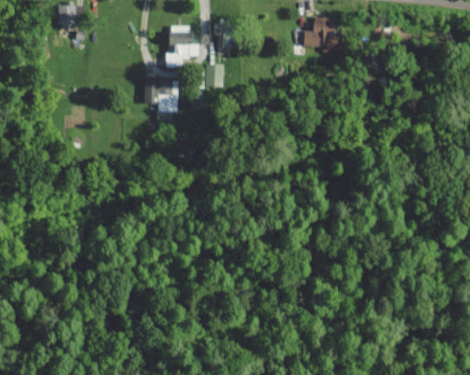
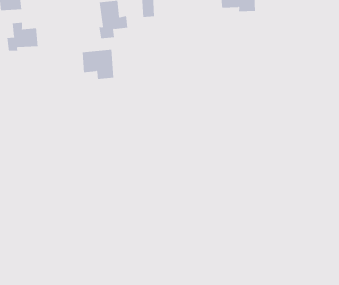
building: none -> [7,22,38,52]
building: [206,64,224,87] -> none

